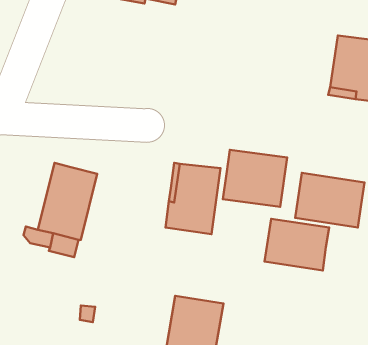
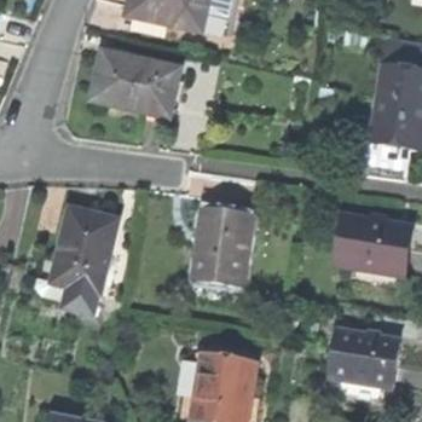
building: none -> [93,51,178,118]
building: [223,150,287,207] -> none
building: [264,219,329,270] -> [328,329,399,386]

